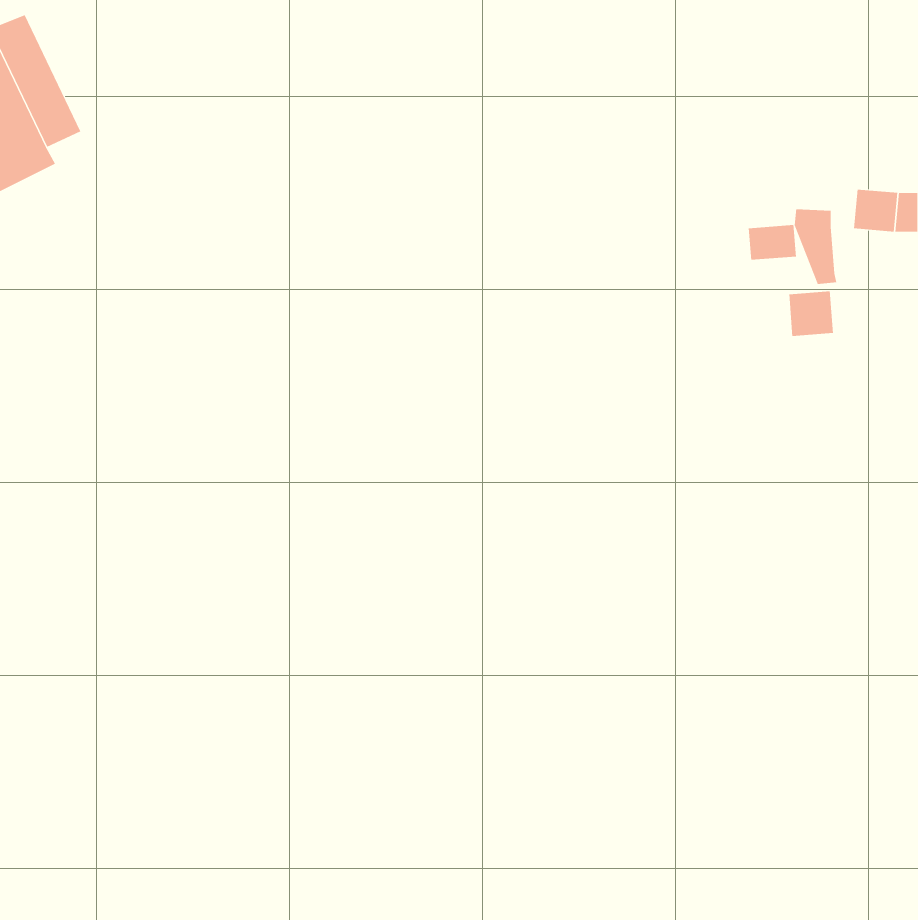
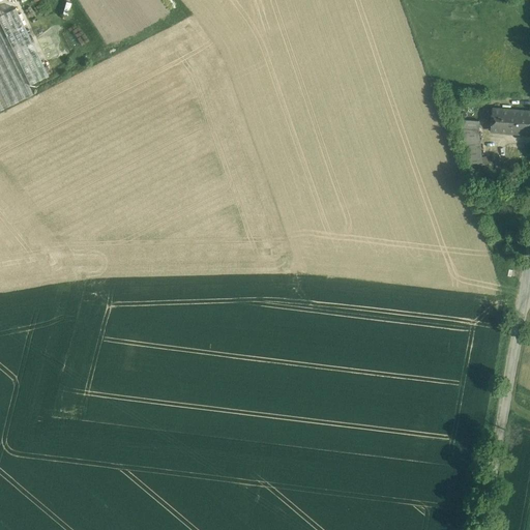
building: [748,224,796,261] -> none
building: [789,291,833,337] -> none

